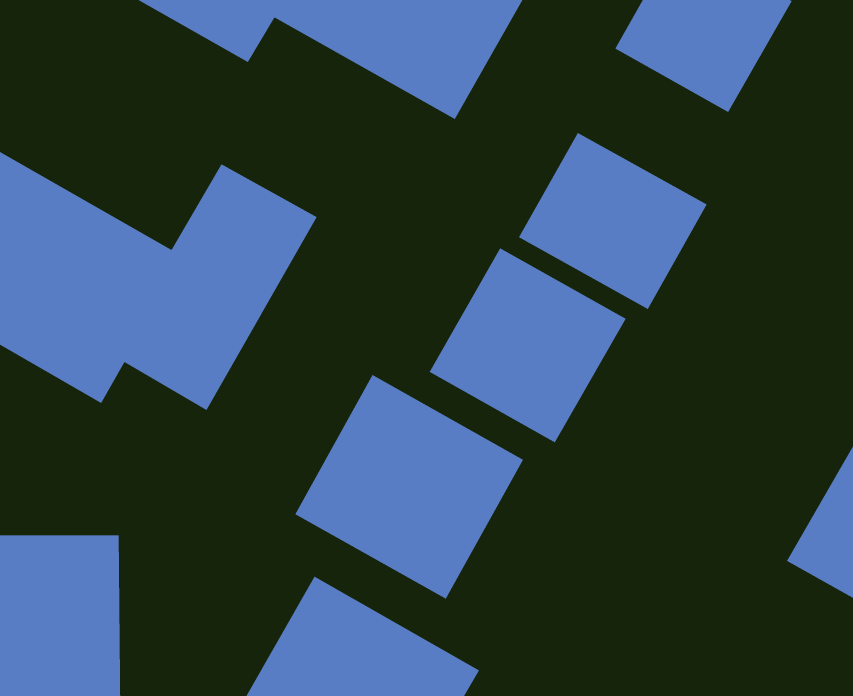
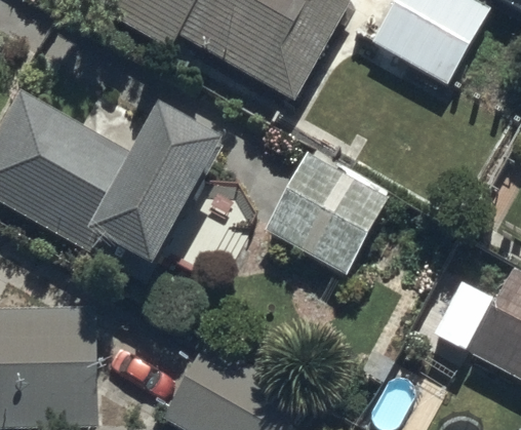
building: [518,132,708,310] -> none
building: [294,374,524,600] -> none

